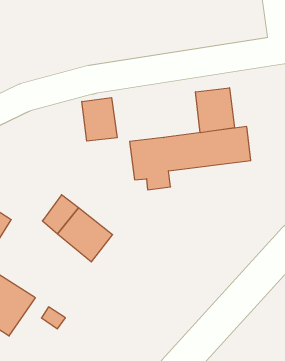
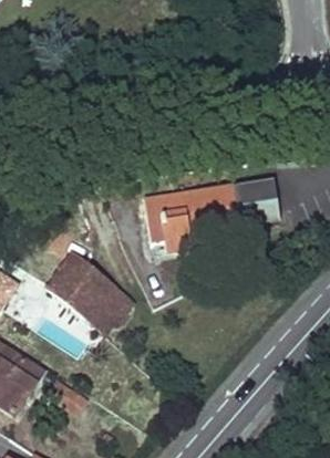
building: [196,88,235,133] -> none
building: [82,98,117,141] -> none

